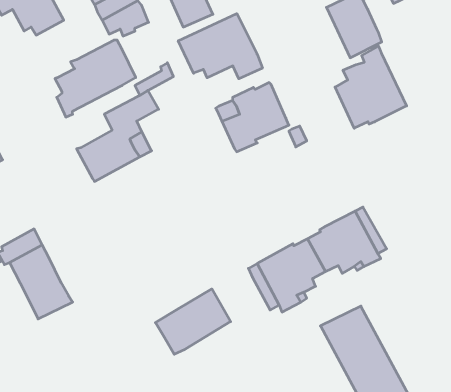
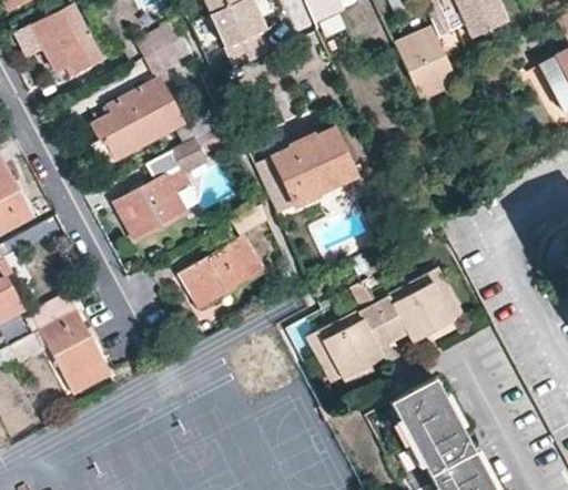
building: [178,14,262,79] -> none
building: [335,46,407,128] -> none
building: [155,289,231,354] -> [180,235,264,308]

